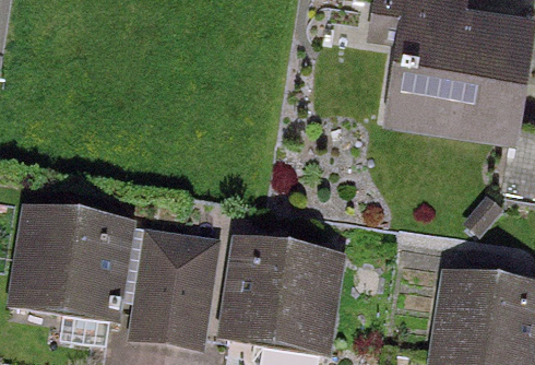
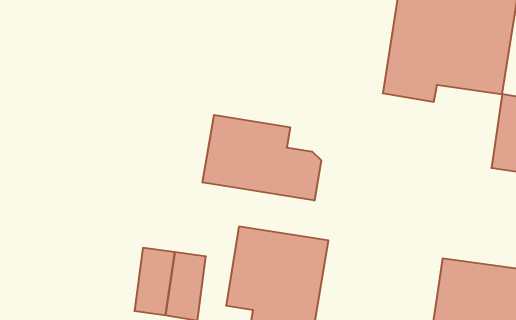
building: none -> [203,115,321,201]
building: [22,210,127,308] -> none

